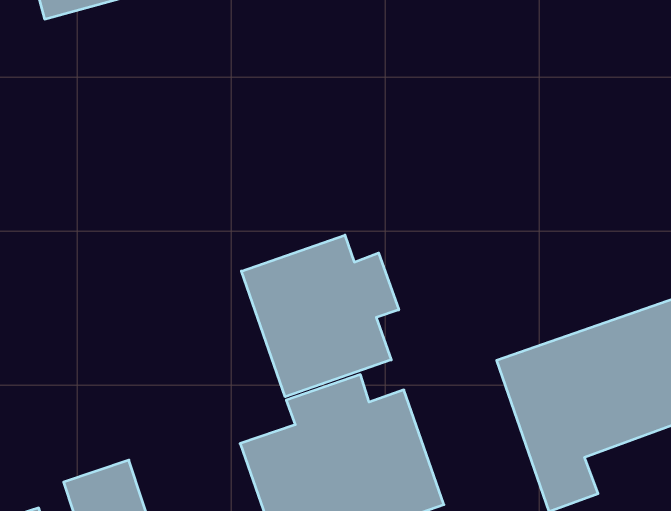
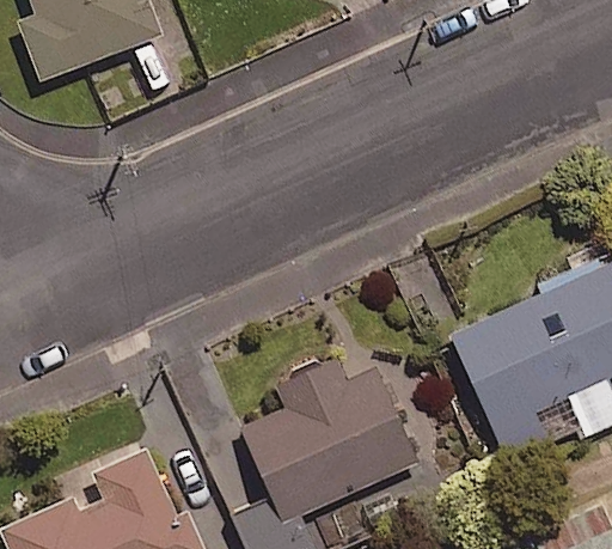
building: [241,235,399,397] -> none

